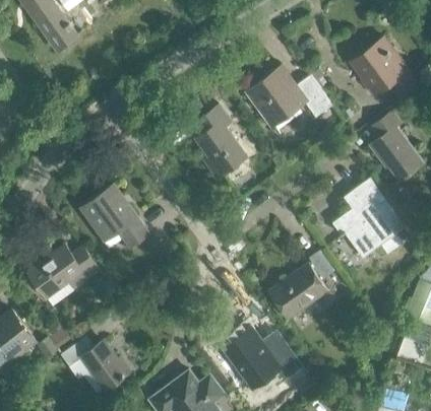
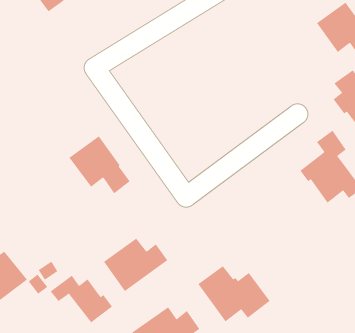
building: [247,67,330,124] -> none
building: [195,106,246,179] -> none
building: [26,246,98,304] -> [103,238,168,292]
building: [269,252,333,318] -> none

